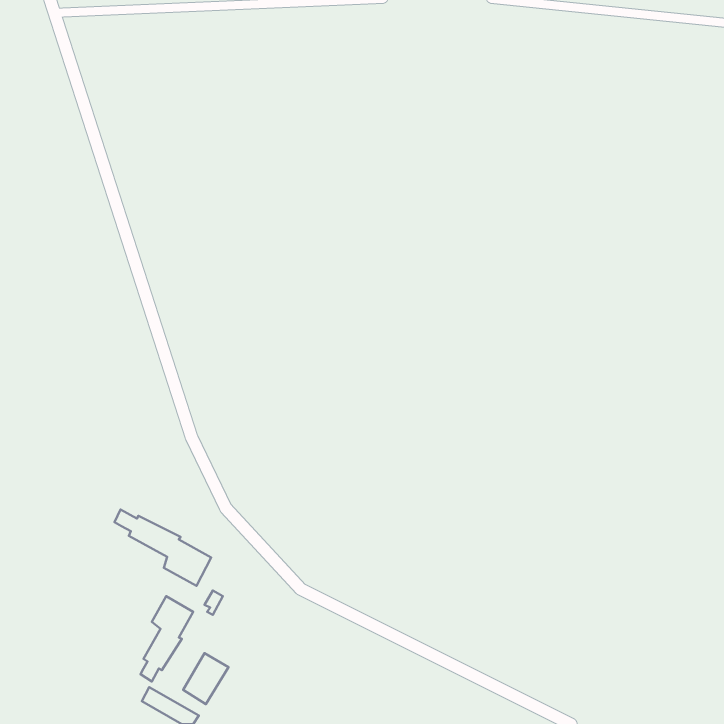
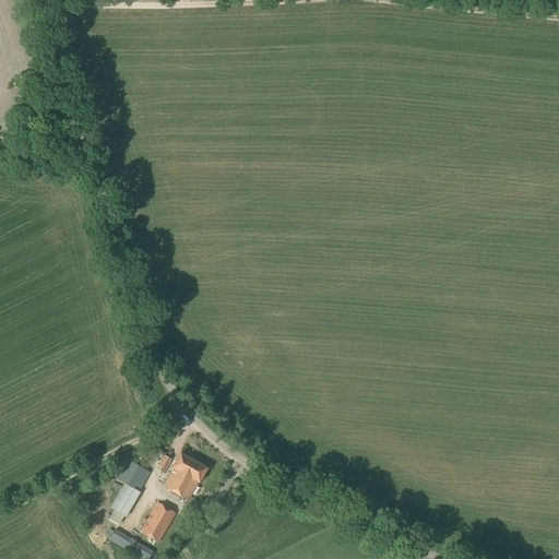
building: [115,510,211,586] -> none
building: none -> [164,452,209,500]

